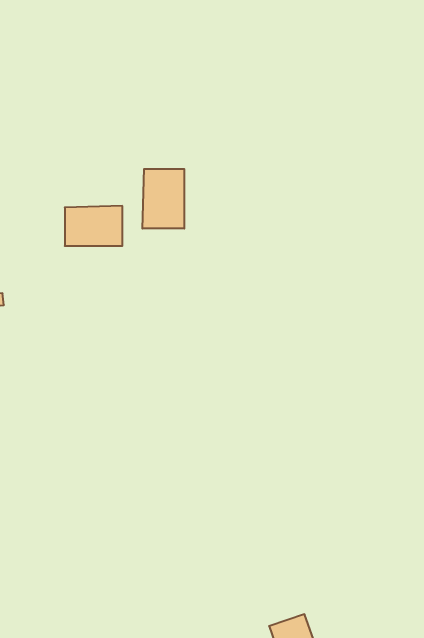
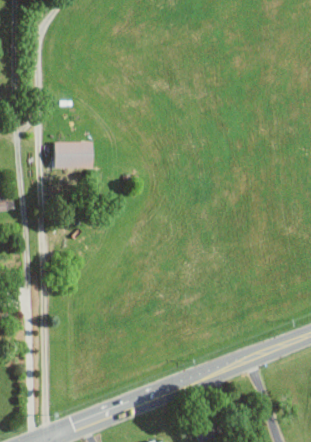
building: [142,169,184,229] -> none

